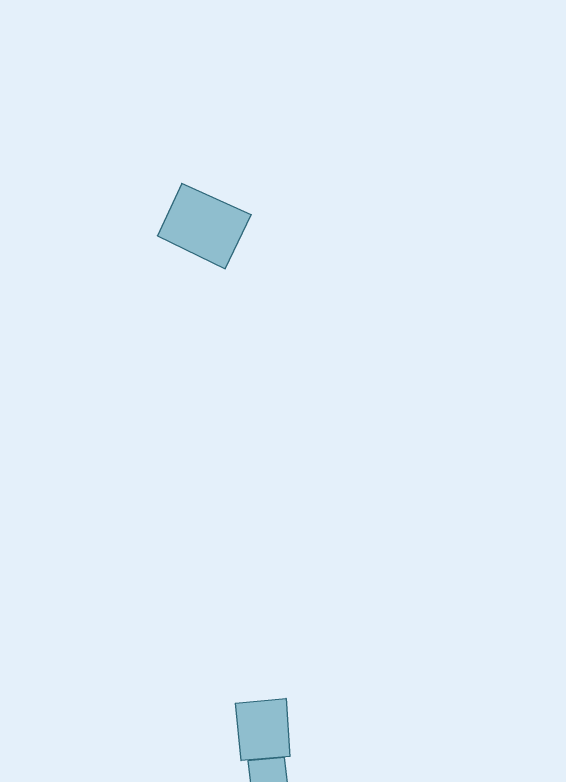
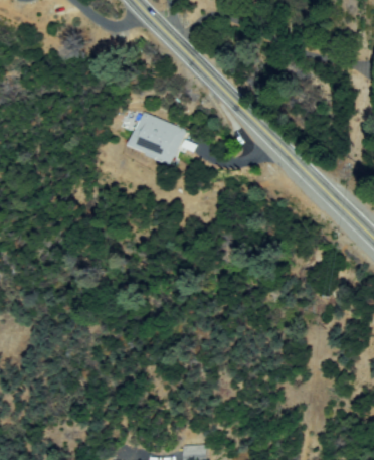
building: [235,698,290,761] -> none

